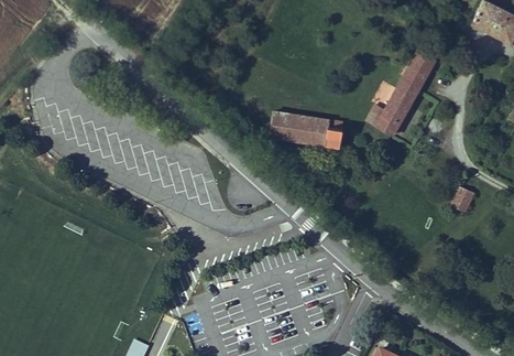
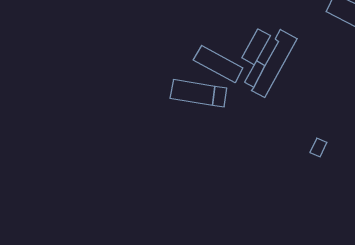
building: none -> [242,29,270,65]
building: none -> [193,45,243,83]

